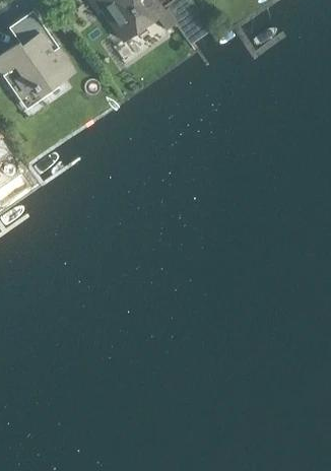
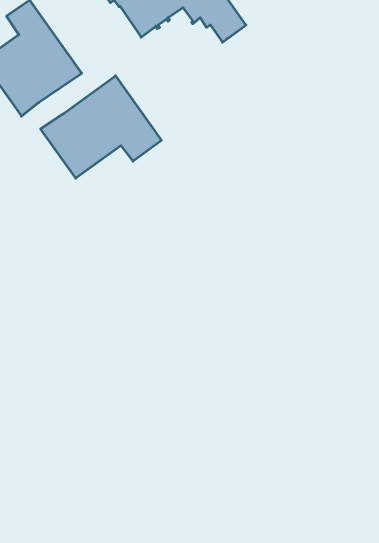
building: none -> [41,76,161,178]

